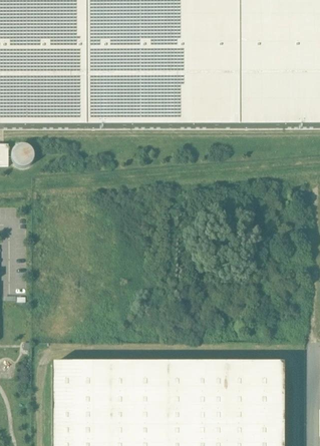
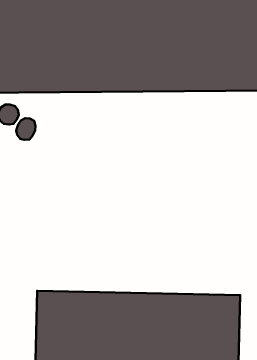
building: none -> [16,118,36,140]

